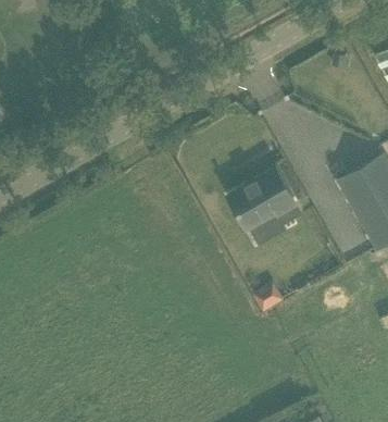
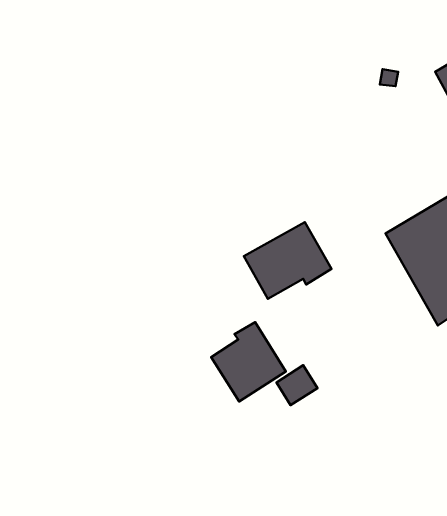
building: none -> [211,322,286,401]

